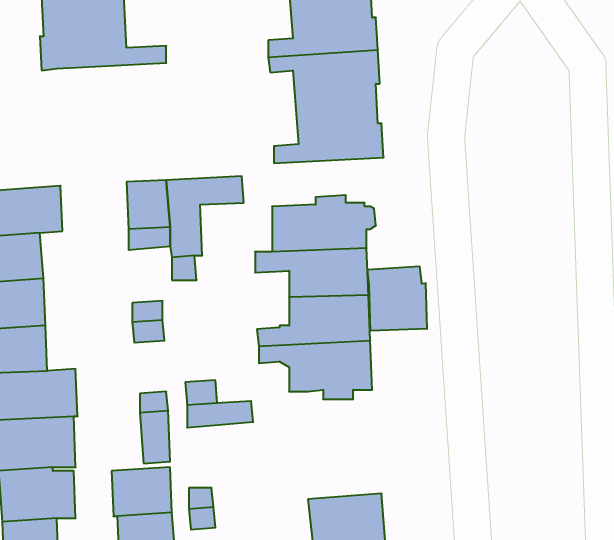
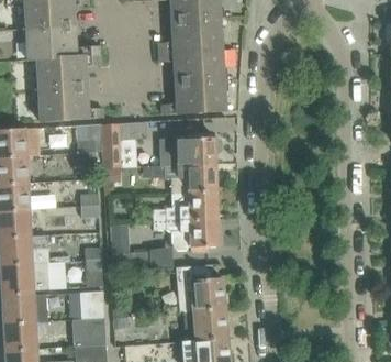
building: none -> [36,56,103,121]
building: [367,266,427,331] -> none
building: none -> [178,265,228,310]

